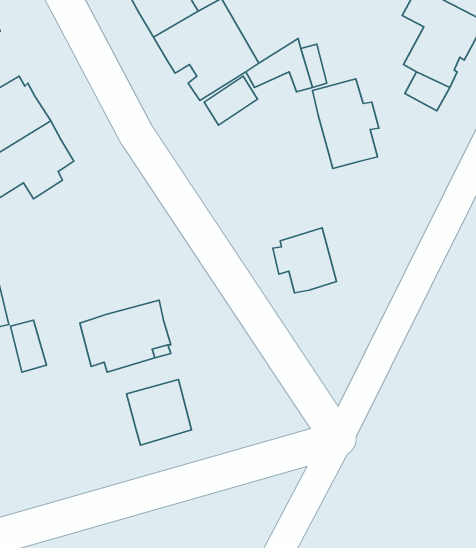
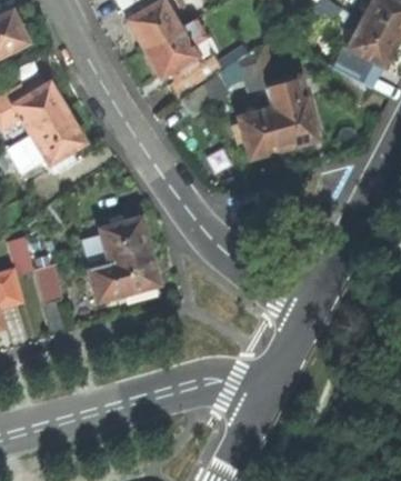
building: [273,228,337,293] -> [233,108,282,158]
building: none -> [99,217,149,261]
building: [126,380,191,445] -> none

